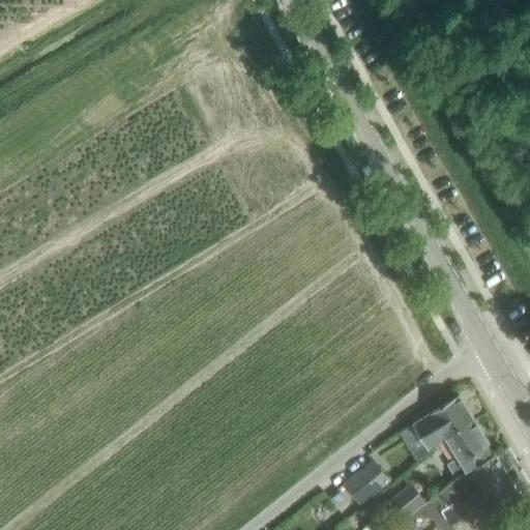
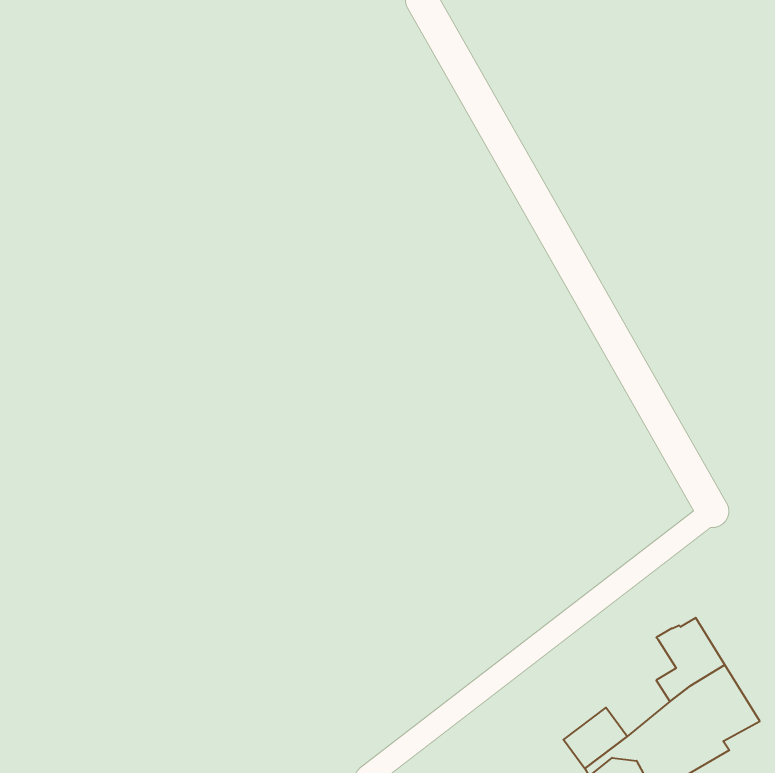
building: [412,396,473,450] -> none
building: [344,463,388,504] -> none

